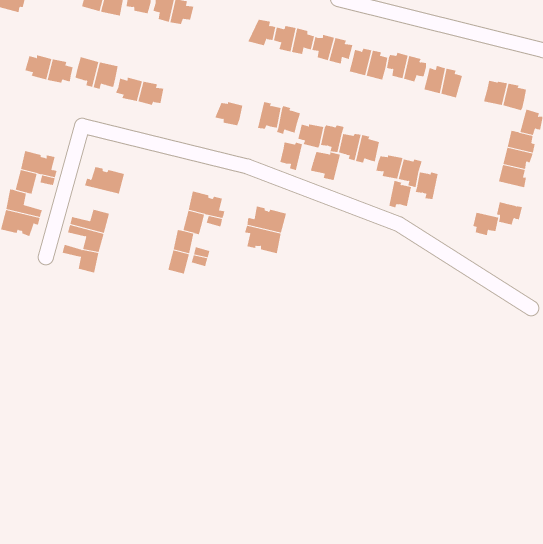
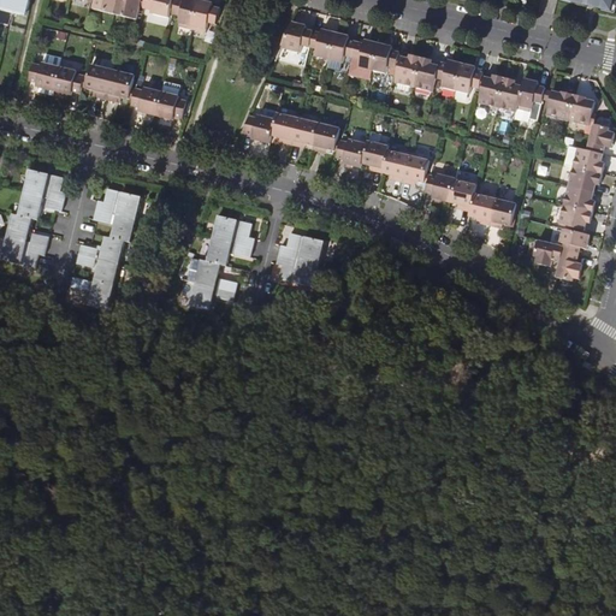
building: none -> [516,77,544,111]
building: [280,142,303,171] -> [271,112,297,144]
building: [310,151,341,181] -> none
building: [388,180,412,208] -> [488,196,515,227]
building: none -> [557,205,592,229]
building: none -> [93,209,135,242]
building: none -> [555,250,581,280]

